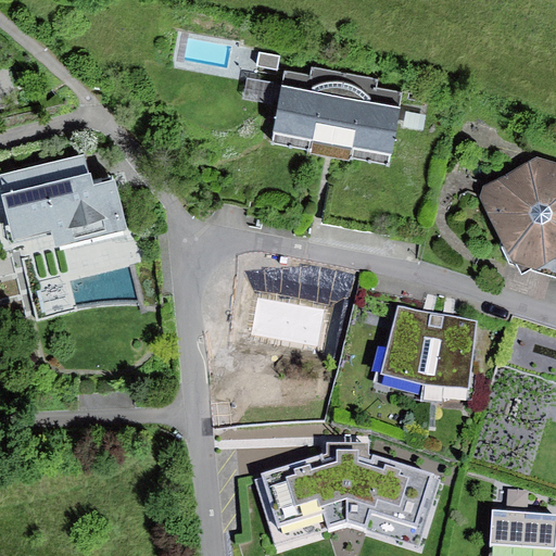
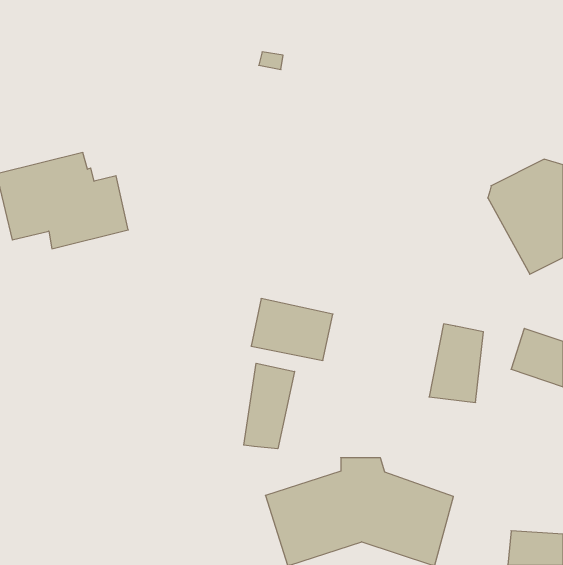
building: [268,67,402,162] -> none
building: [372,312,435,395] -> none
building: none -> [244,363,295,449]

